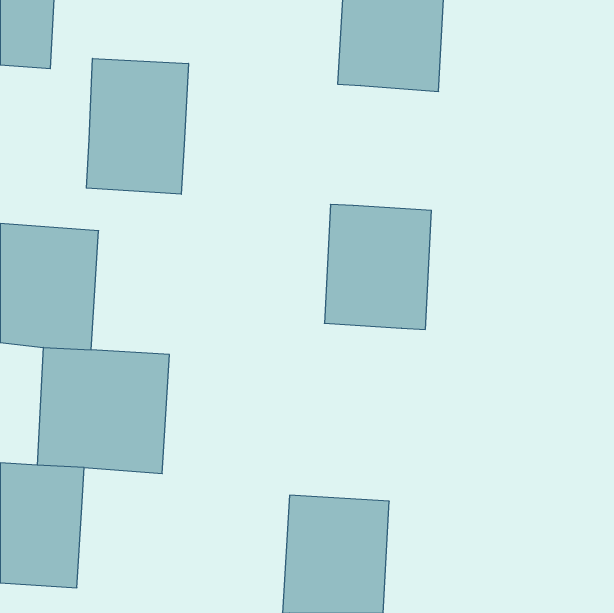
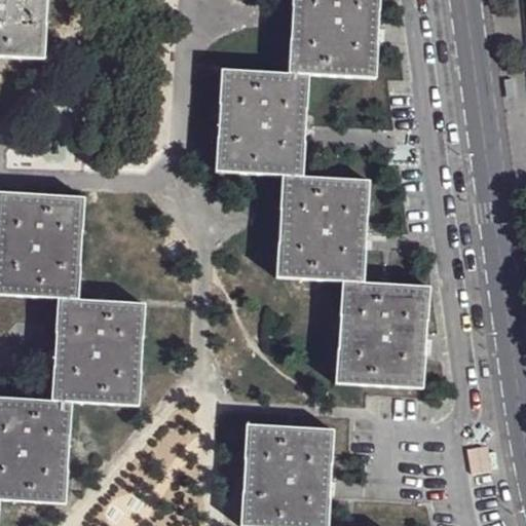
building: [86,58,188,194] -> none
building: none -> [217,69,308,176]
building: none -> [336,280,429,387]

